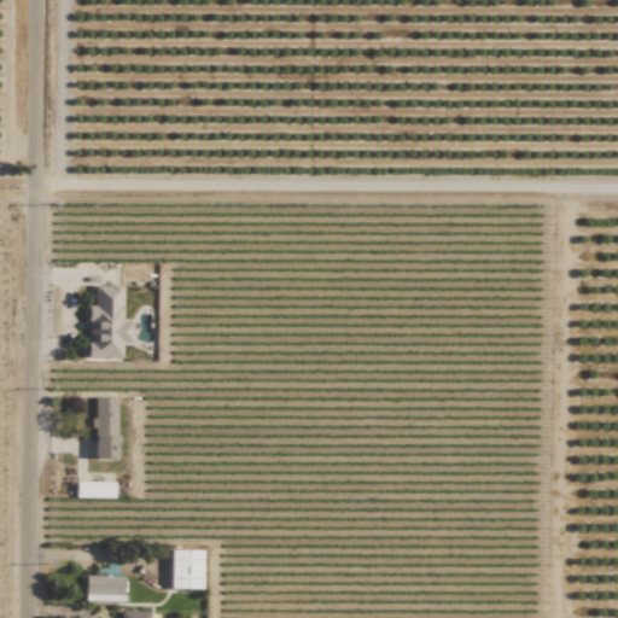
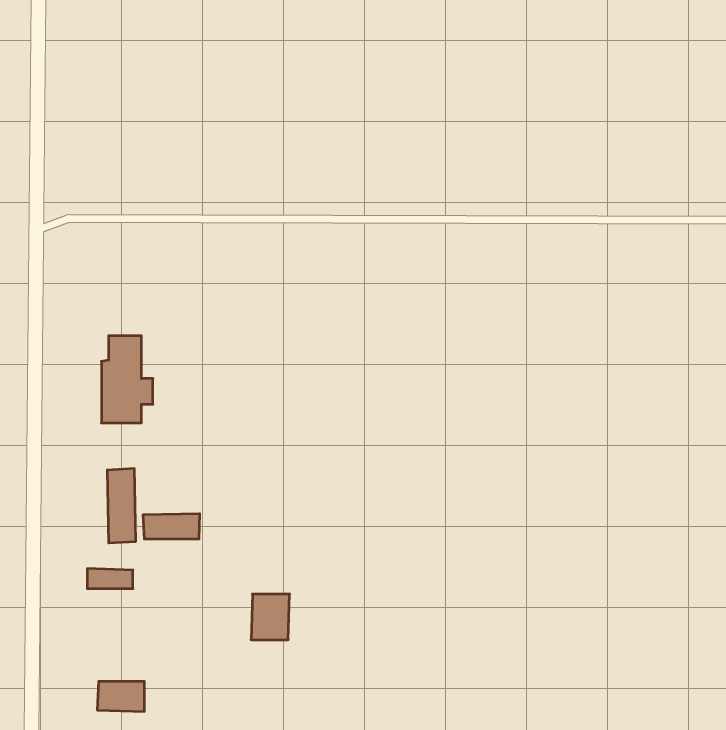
building: none -> [143,514,200,539]
building: [171,549,204,588] -> [251,594,290,640]

